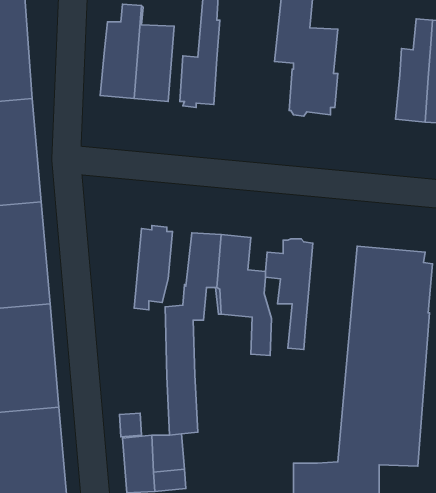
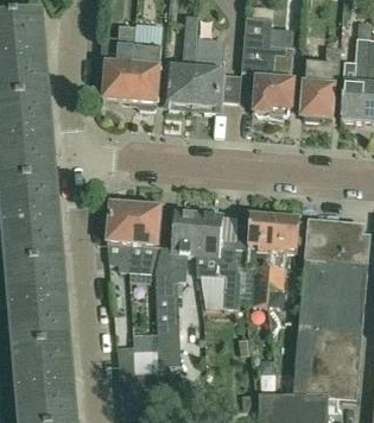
building: none -> [194,38,242,112]
building: none -> [302,45,341,119]
building: none -> [107,201,135,270]
building: none -> [267,216,299,286]

